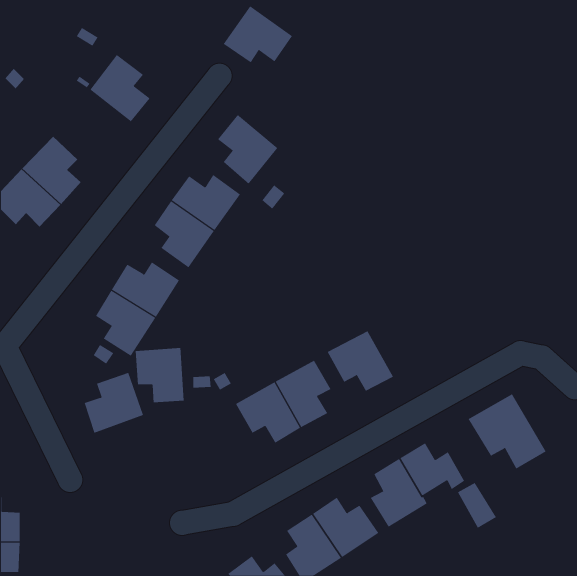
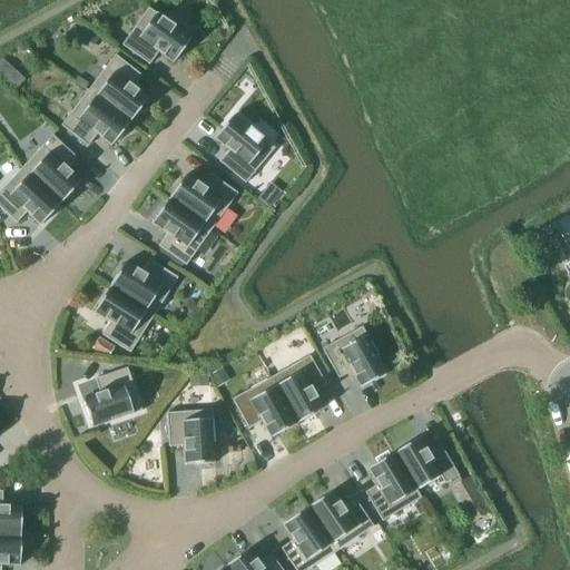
building: [223,5,293,63] -> [122,6,191,62]
building: none -> [61,88,130,144]
building: [135,348,185,403] -> [167,407,216,462]
building: [468,394,547,470] -> none

